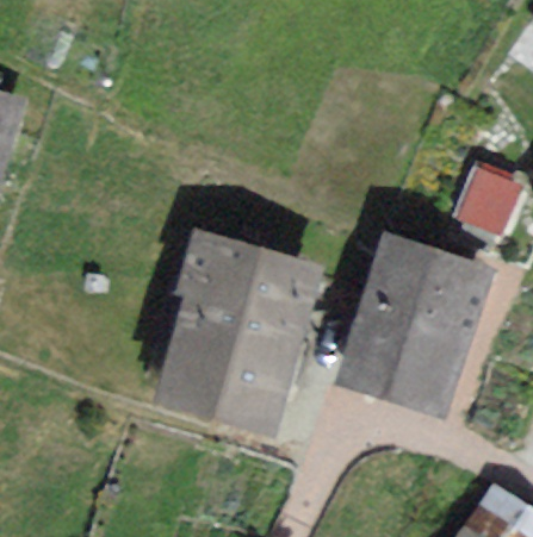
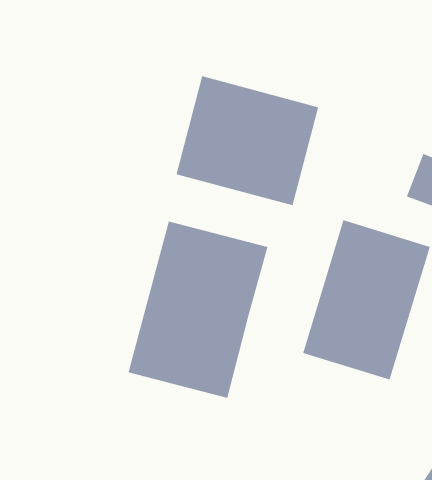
building: none -> [175,75,319,206]

